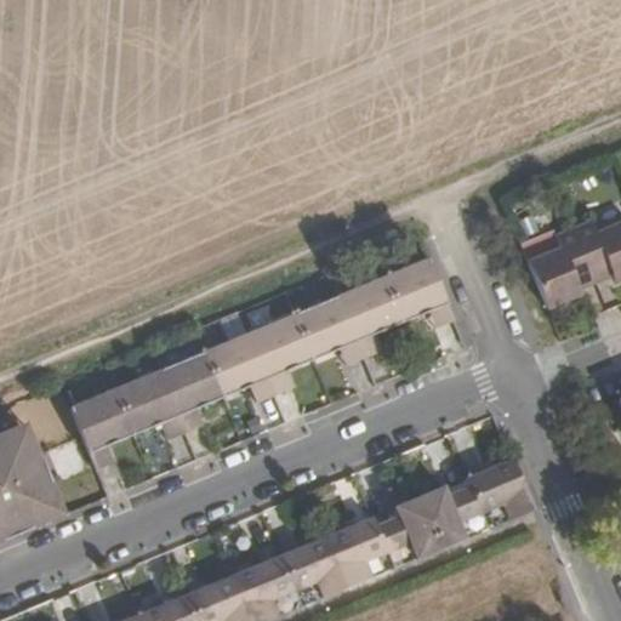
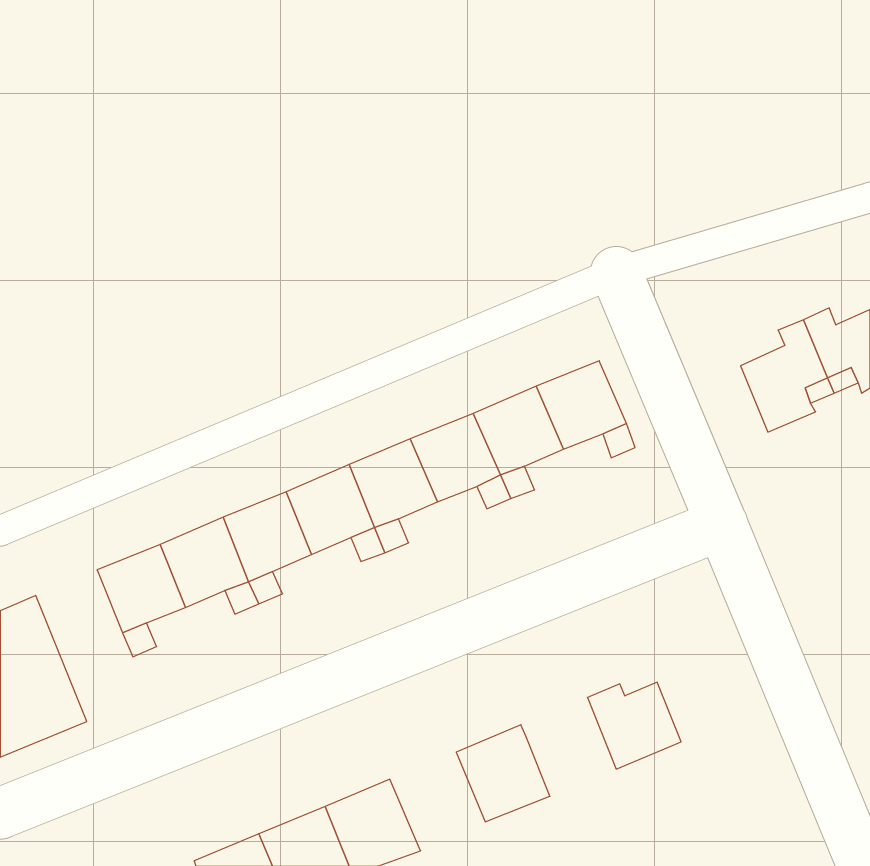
building: [465,458,532,529] -> none
building: [375,497,439,568] -> none
building: [278,536,346,606] -> none

